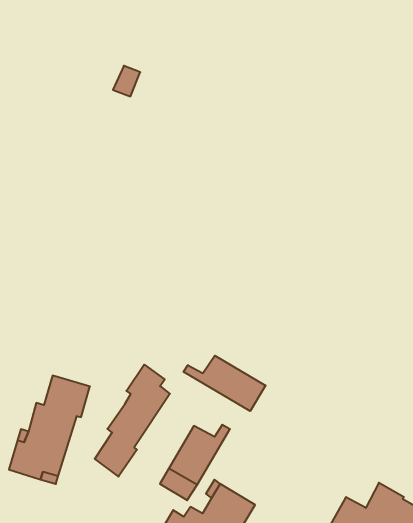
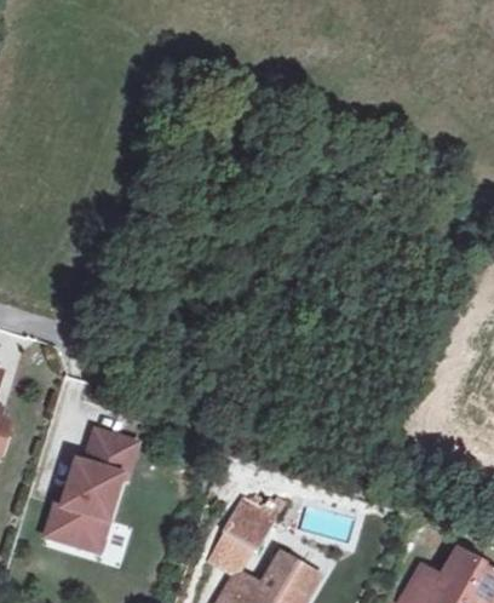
building: [184,356,266,411] -> none
building: [95,365,170,477] -> none

